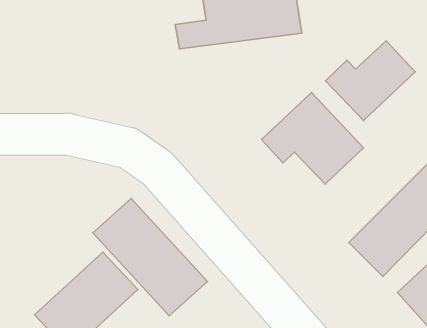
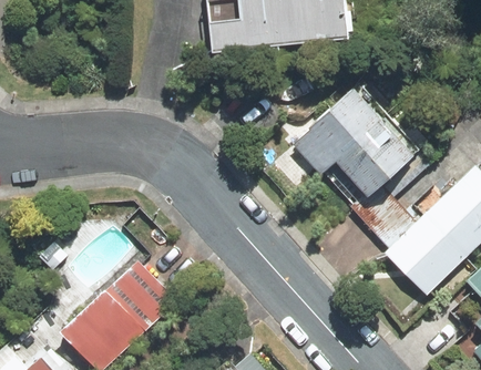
building: [326,41,415,121] -> none
building: [93,198,208,316] -> none

